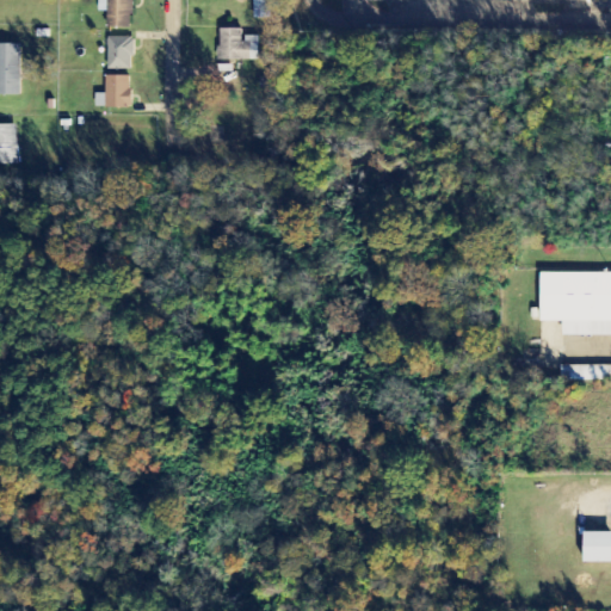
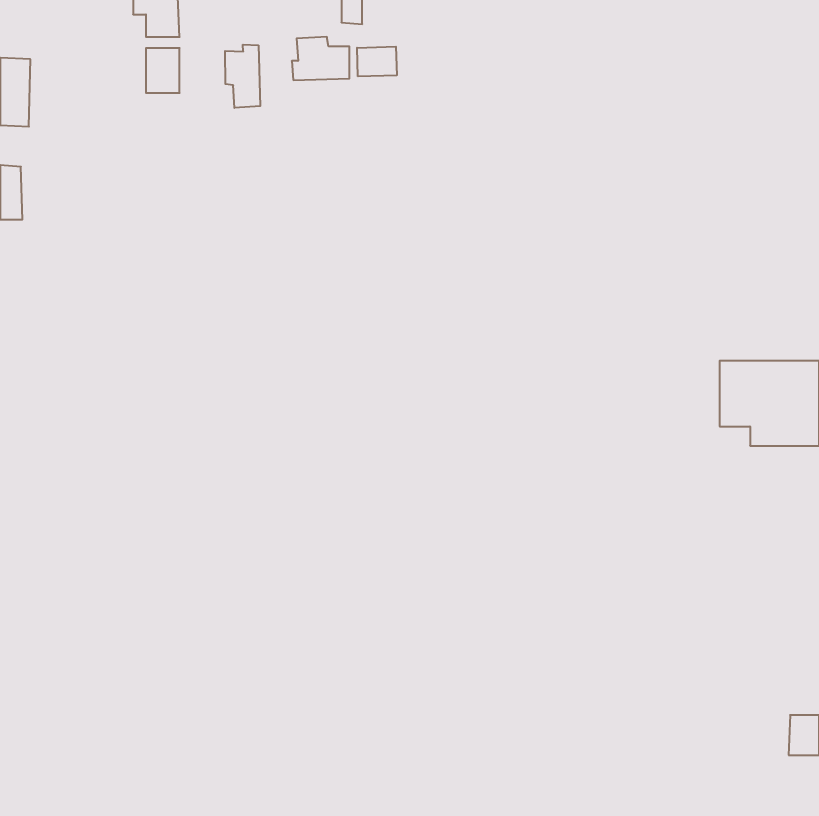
building: none -> [225,45,260,108]
building: none -> [357,47,397,76]
building: [97,75,134,109] -> none

